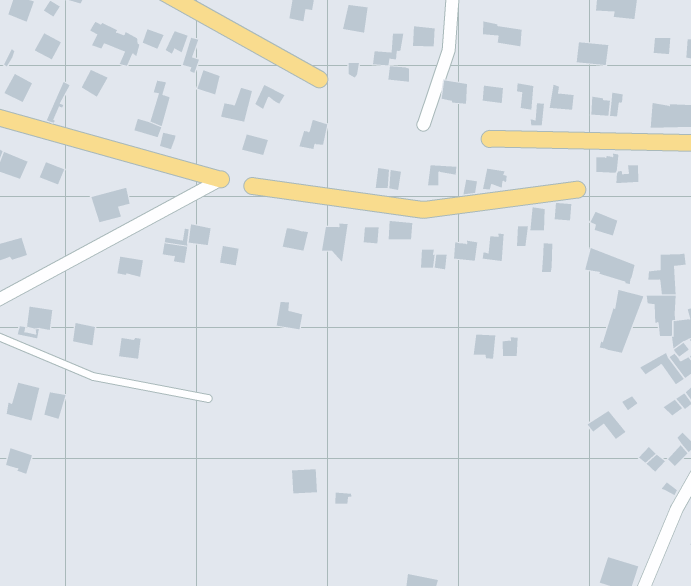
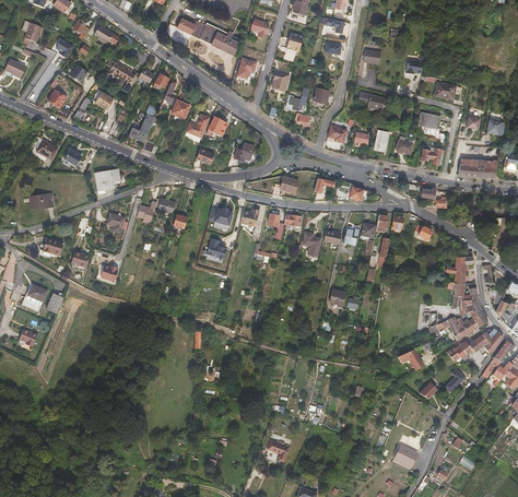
building: [584,247,635,285] -> none
building: [599,289,644,354] -> none

